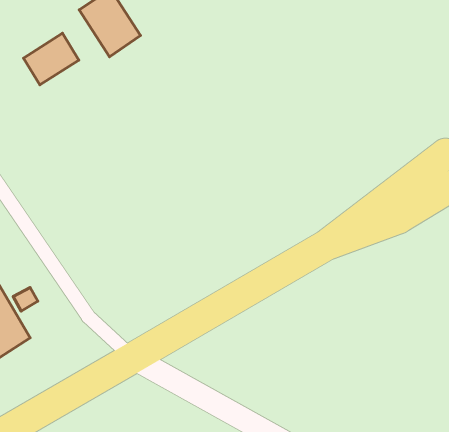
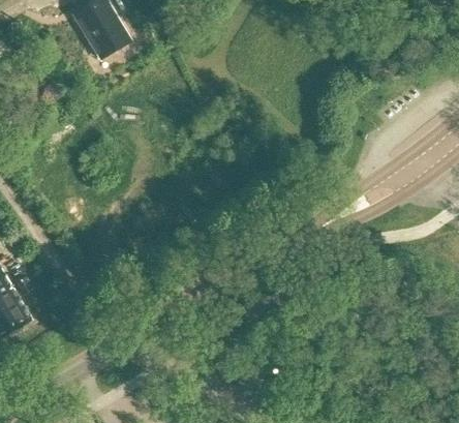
building: [24,33,79,85] -> none

